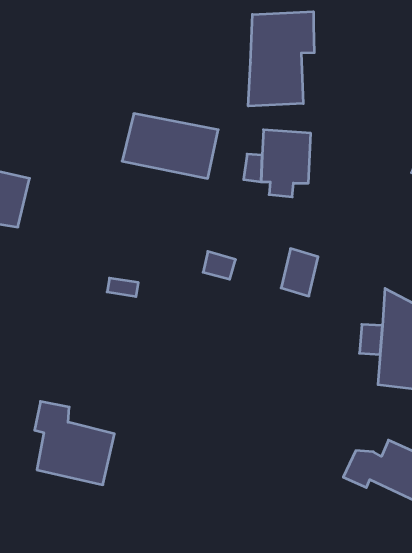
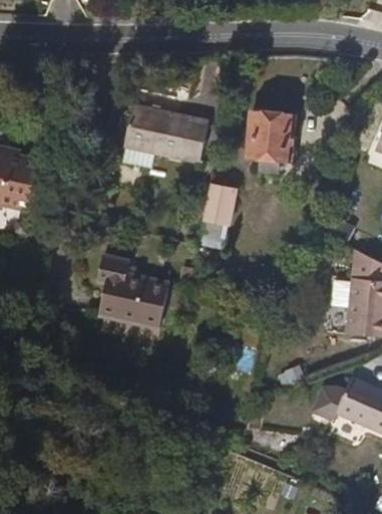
building: [248,12,314,106] -> none
building: [281,249,318,296] -> [202,186,234,227]
building: [35,401,114,485] -> [97,255,166,327]

